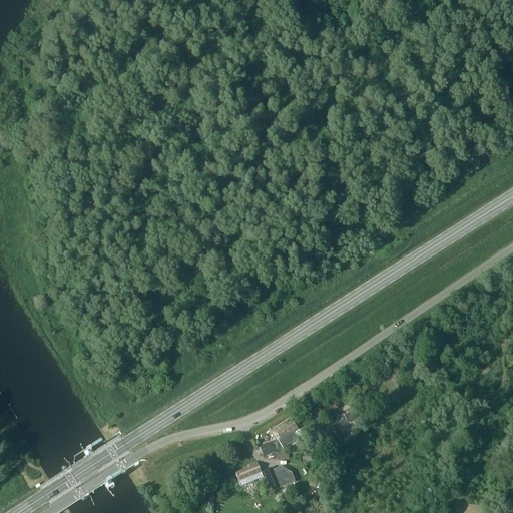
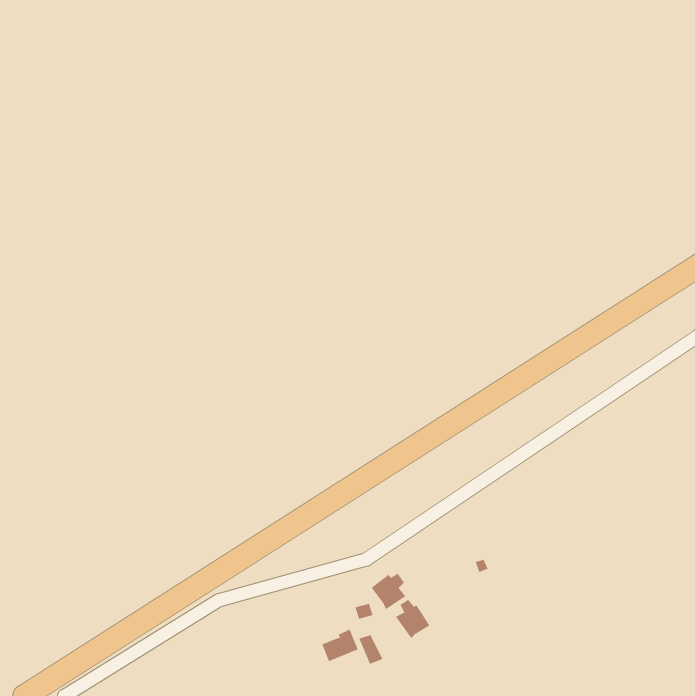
building: none -> [395,599,430,639]

